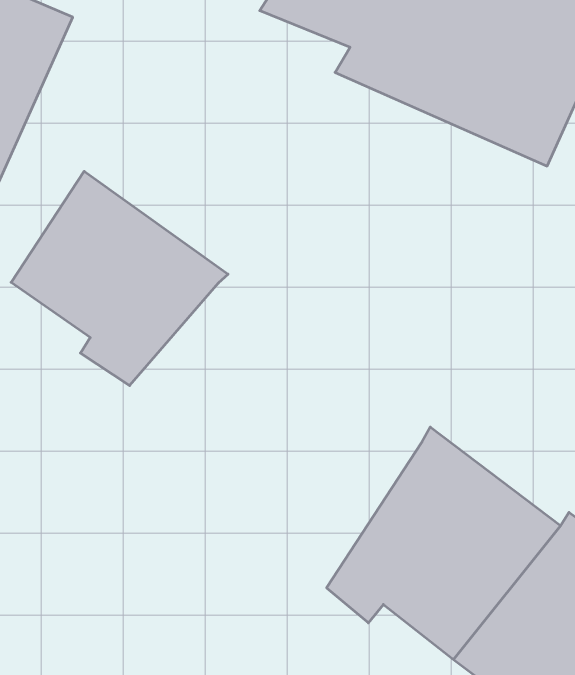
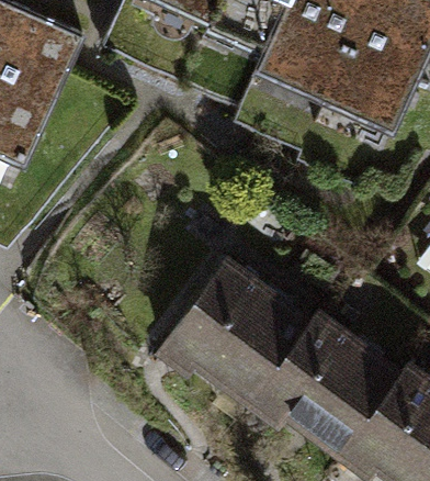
building: [11,171,228,386] -> none
building: none -> [152,254,312,410]

